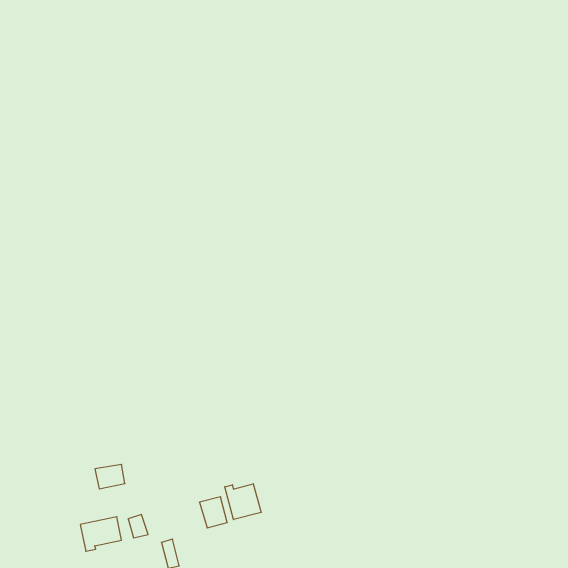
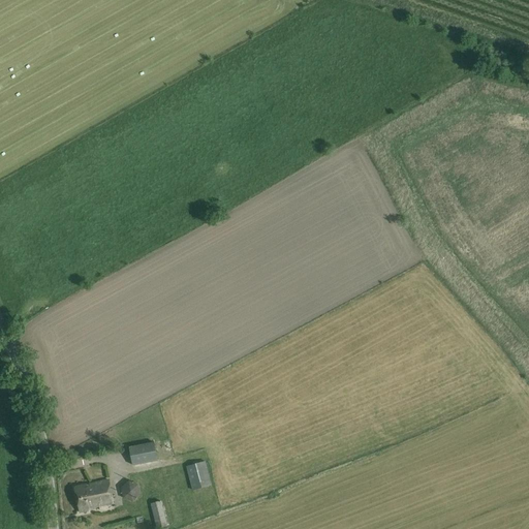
building: [95,464,125,489] -> [128,442,156,465]
building: [225,484,261,520] -> none

